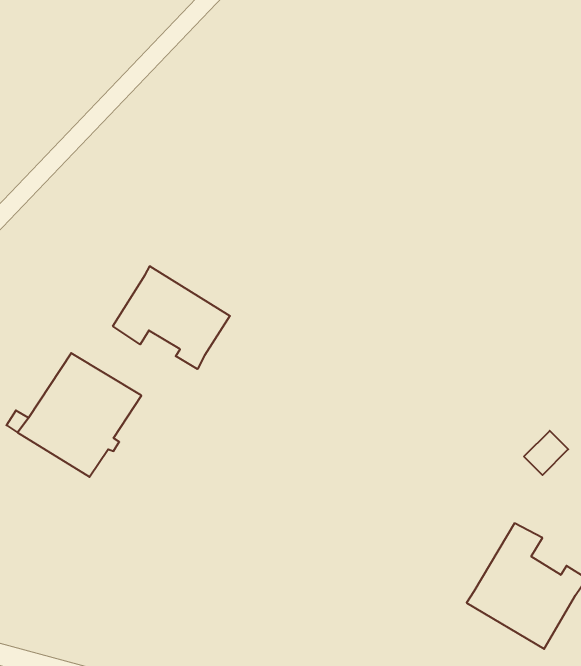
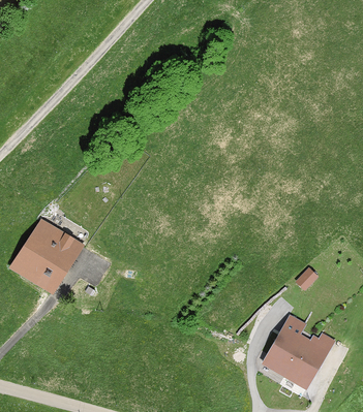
building: [113,266,230,369] -> none

